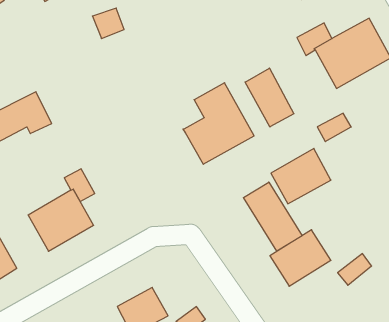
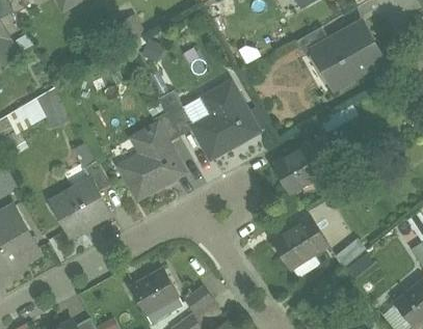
building: [245,68,294,127] -> none
building: none -> [158,89,193,135]
building: none -> [120,126,183,199]
building: [243,182,302,251] -> none

